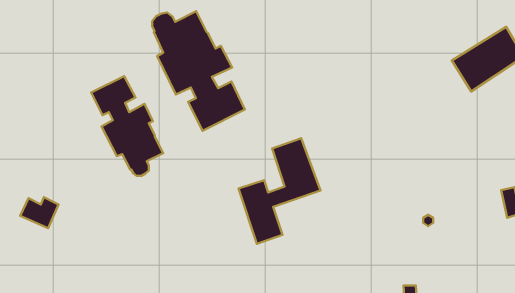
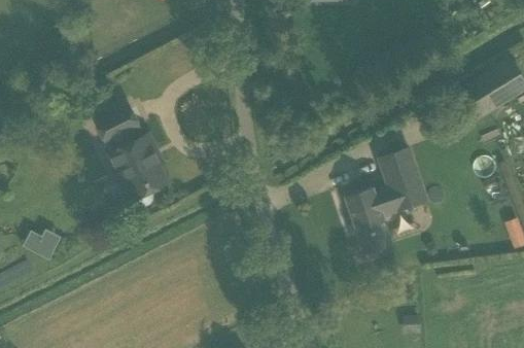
building: [152,11,245,131] -> none
building: [238,138,321,244] -> [345,148,427,254]

